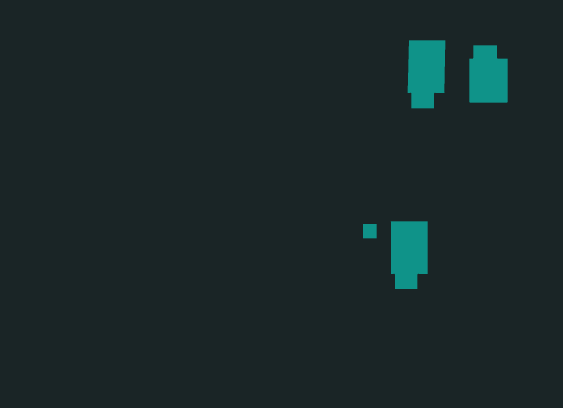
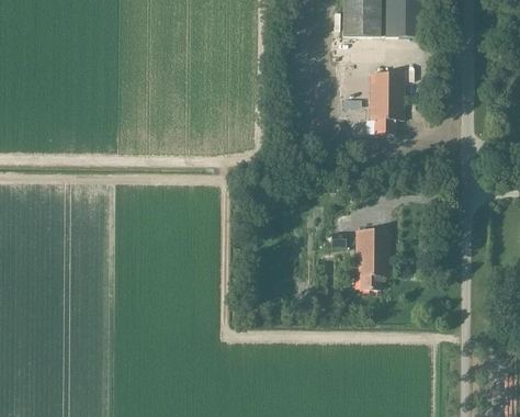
building: [468,45,508,104] -> none

